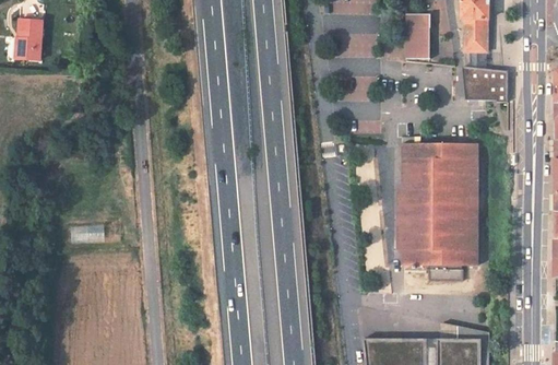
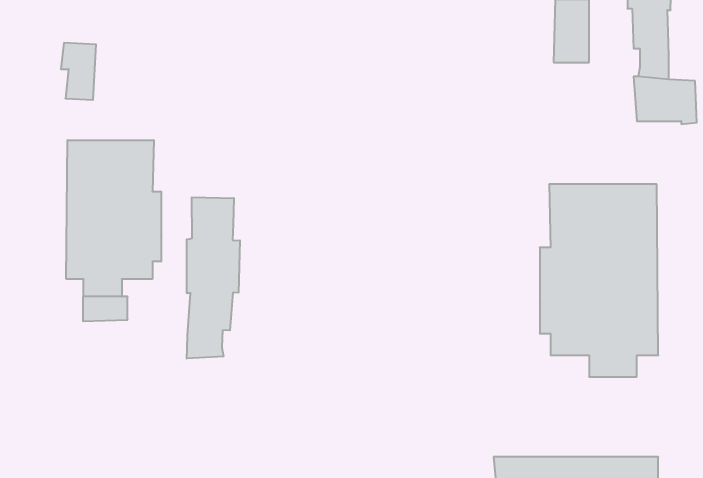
building: [21,26,46,67] -> [61,43,96,100]
building: none -> [66,140,161,297]
building: none -> [187,197,240,359]

